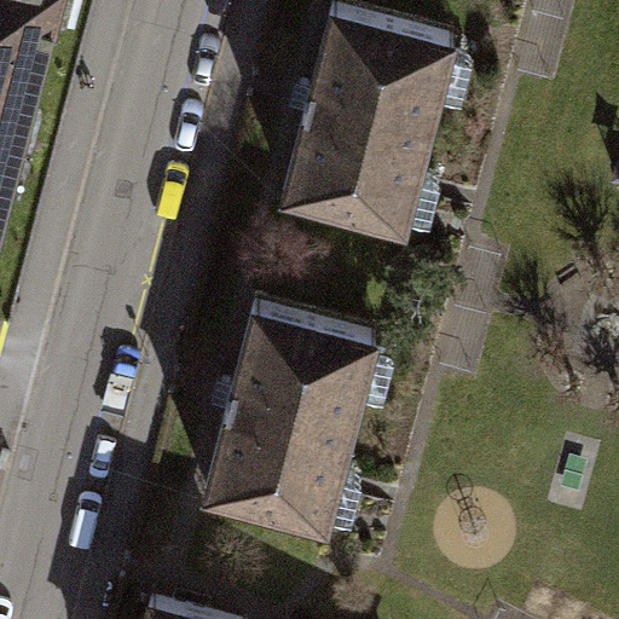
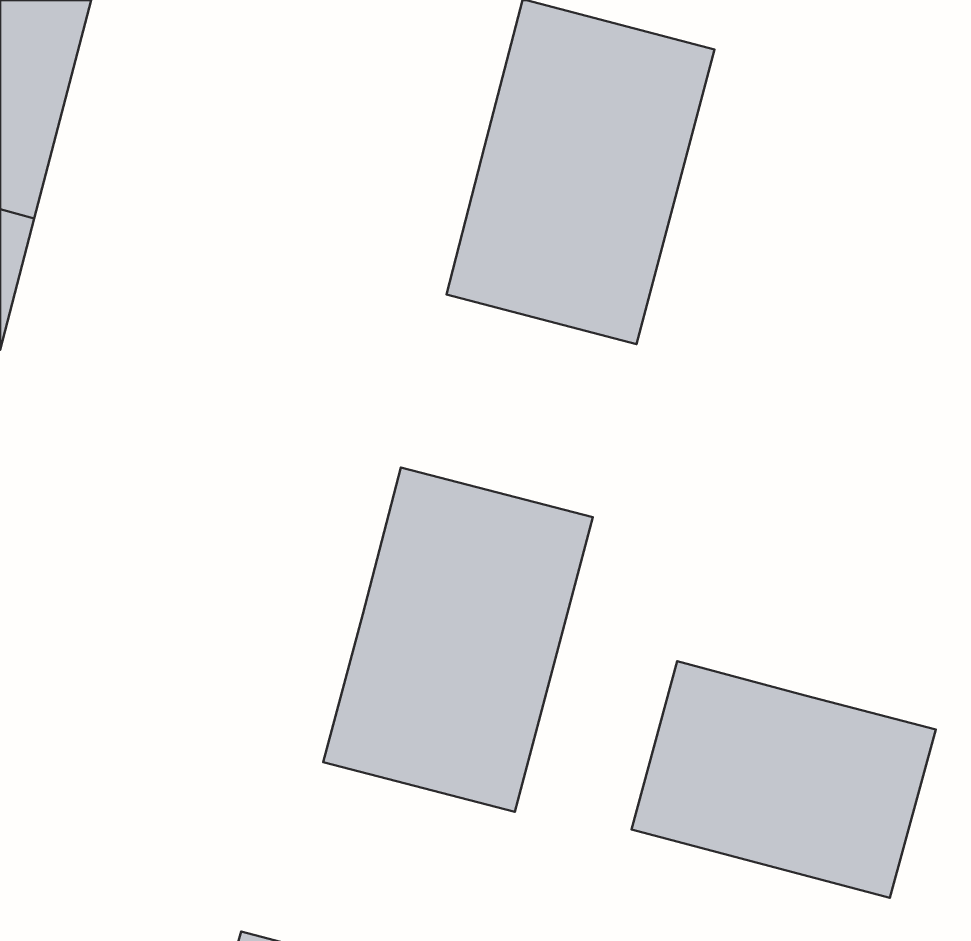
building: none -> [632,661,936,898]

